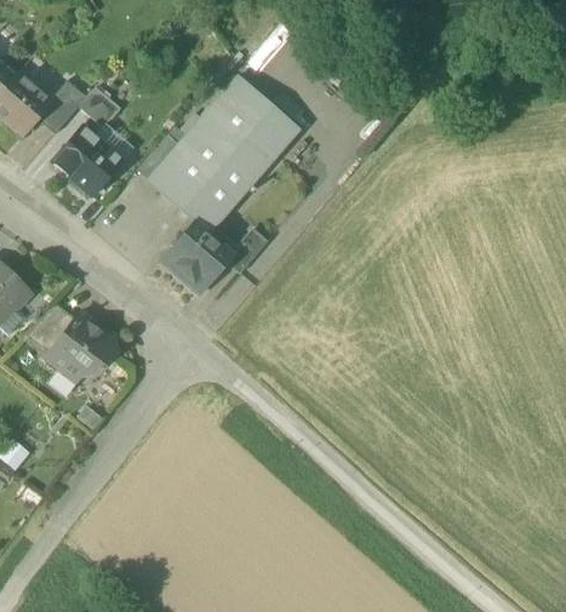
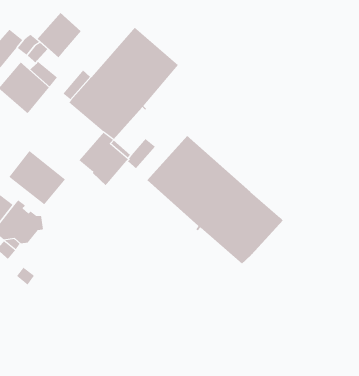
building: none -> [37,12,82,58]
building: none -> [147,135,284,265]
building: none -> [8,150,66,205]

